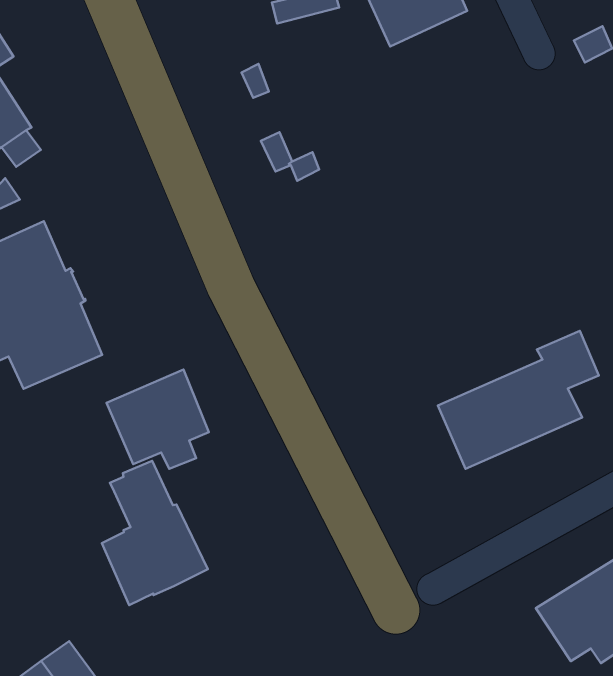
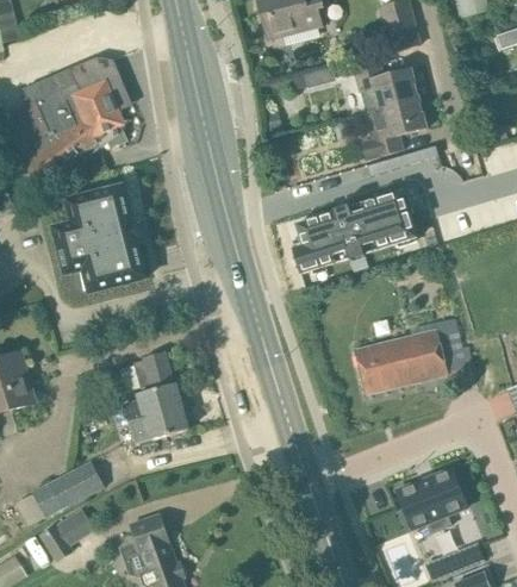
building: none -> [361,98,428,160]
building: none -> [292,188,416,274]
building: [107,369,209,469] -> none

